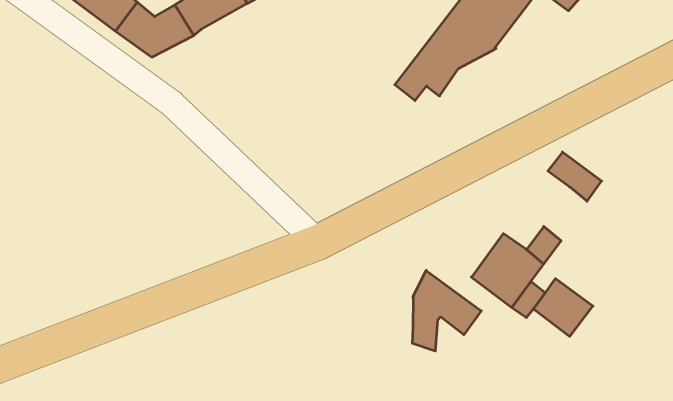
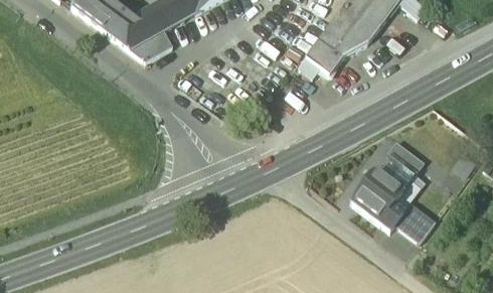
building: none -> [129,28,172,58]
building: [548,152,602,201] -> [386,141,424,175]
building: [412,270,481,351] -> none

